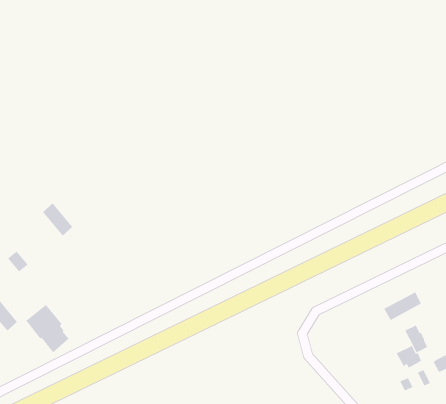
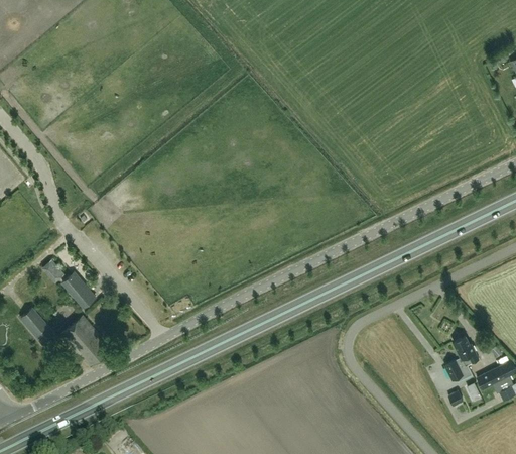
building: [42,202,73,237] -> [62,272,95,308]
building: [383,292,422,321] -> none

